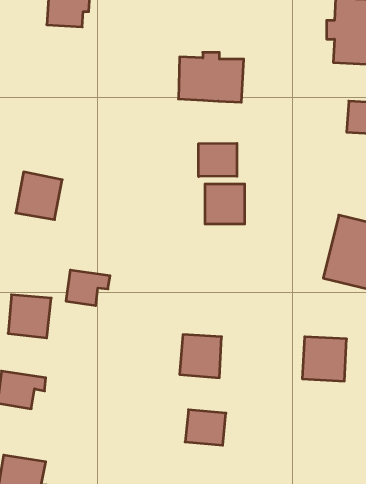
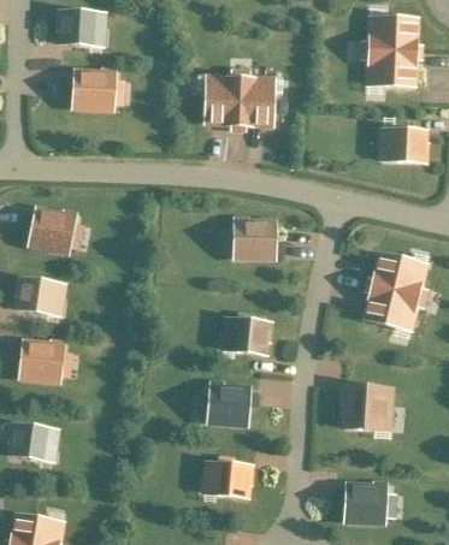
building: none -> [71,67,116,111]
building: [199,143,237,177] -> none
building: [66,270,110,306] -> [18,276,66,314]
building: none -> [220,310,272,354]
building: none -> [342,479,386,525]

